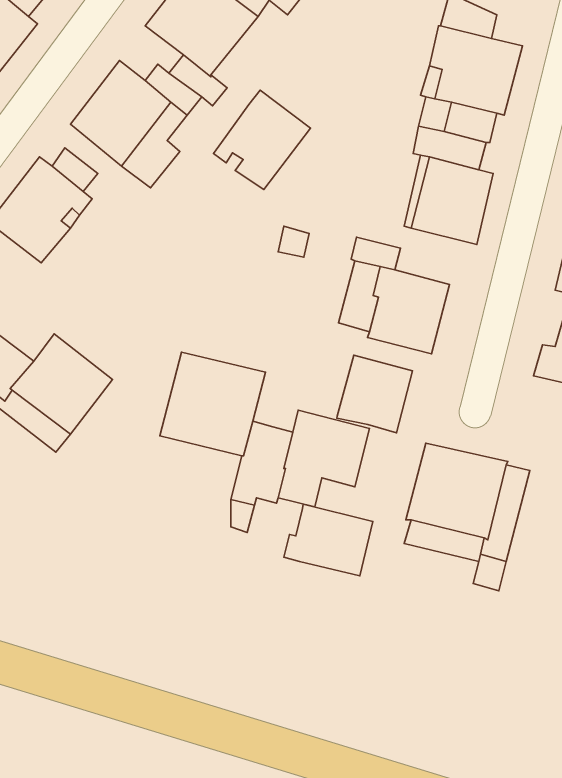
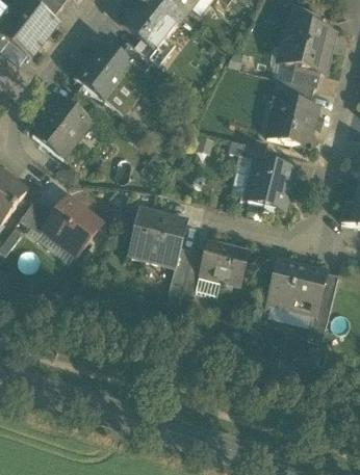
building: [214,90,311,189] -> none
building: [337,355,412,433] -> none
building: [284,504,373,576] -> none

